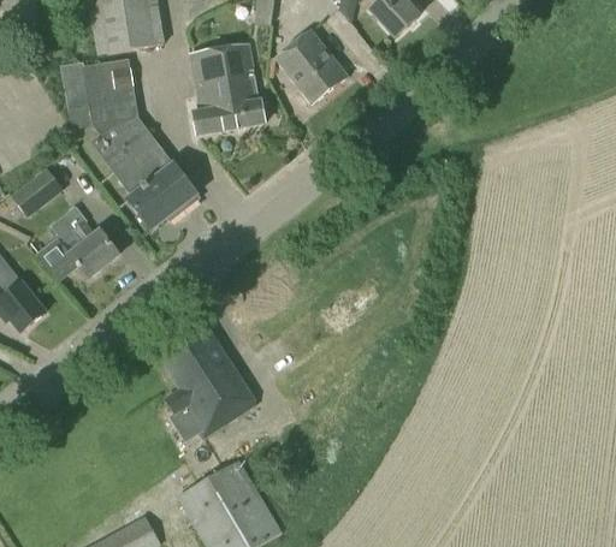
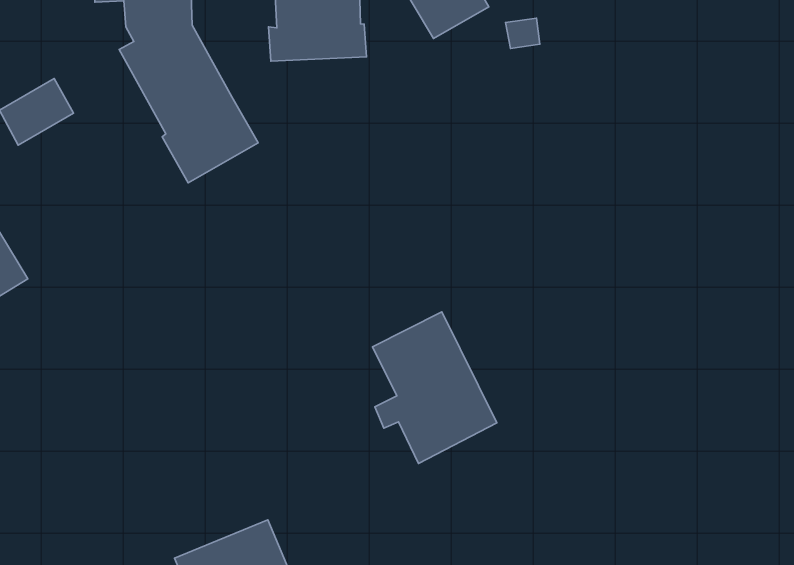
building: [38,204,119,279] -> none
building: [159,325,254,434] -> [373,312,497,463]

